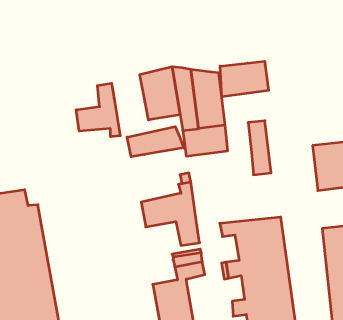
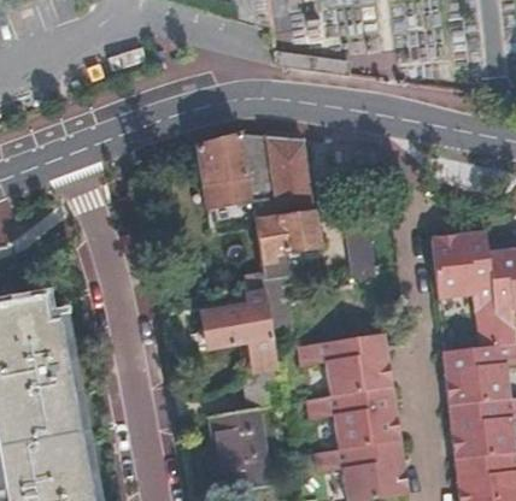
building: [220,61,269,97] -> none
building: [76,83,120,137] -> none
building: [127,127,184,157] -> none

